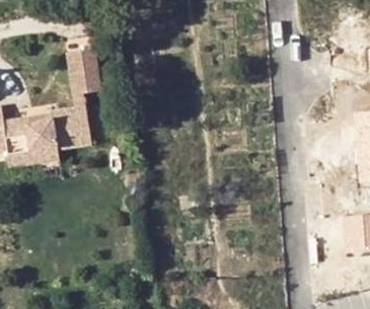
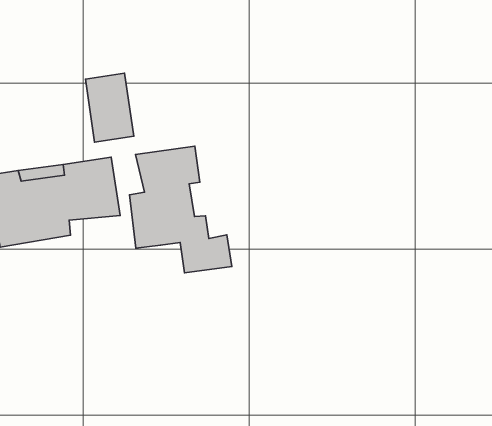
building: none -> [129,146,232,273]

